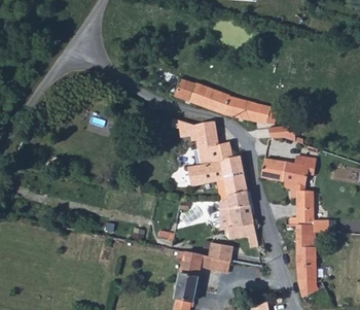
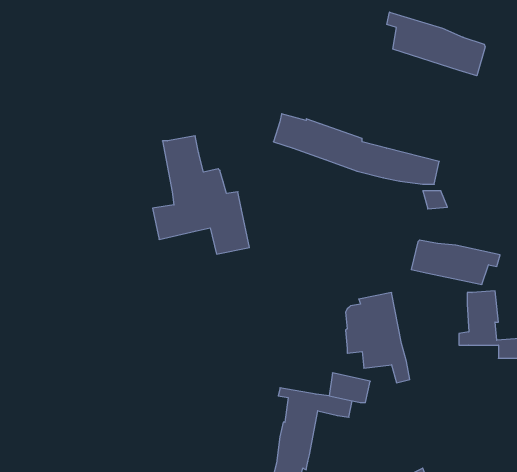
building: none -> [387,12,485,76]
building: [186,120,247,195] -> [153,136,249,254]
building: [295,223,318,297] -> none

